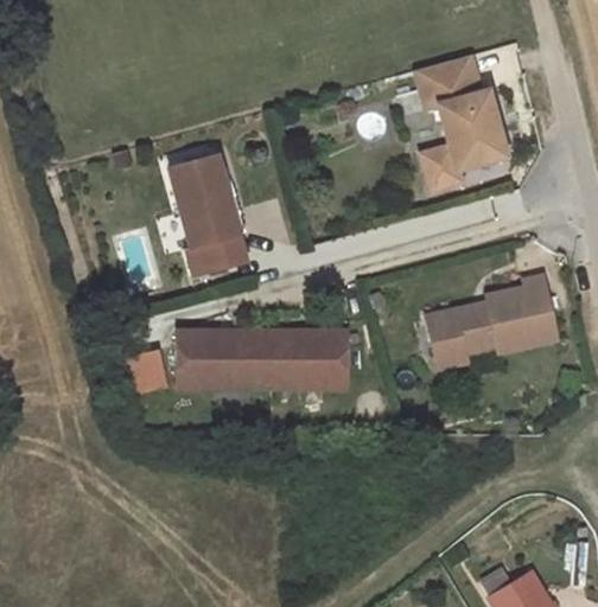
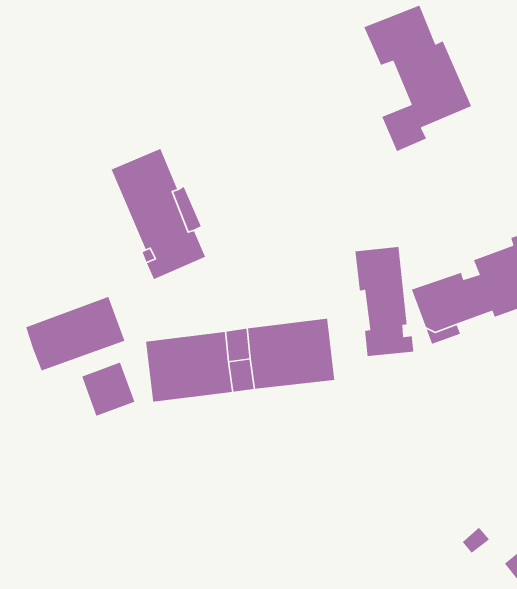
building: none -> [355,246,414,357]
building: none -> [25,296,125,371]

